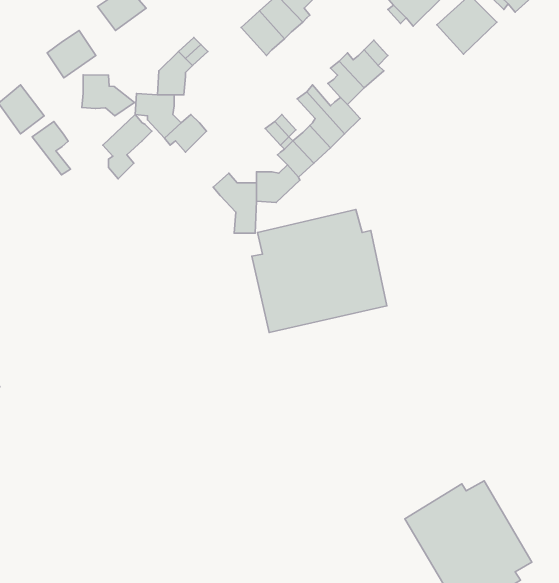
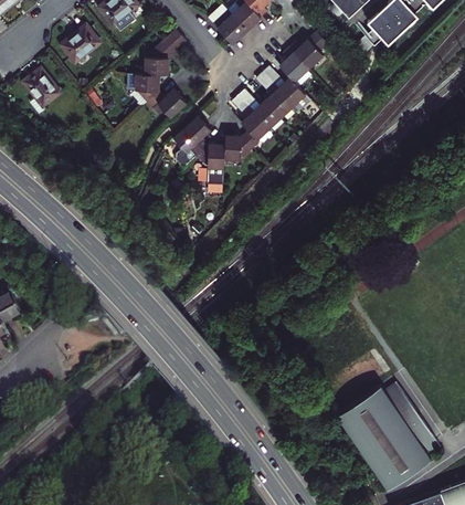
building: [82,75,135,116] -> none
building: [103,114,152,179] -> [170,118,209,169]
building: [32,122,71,175] -> none
building: [252,209,387,333] -> none

